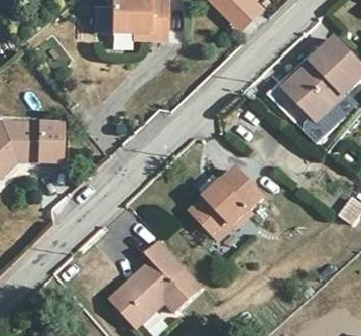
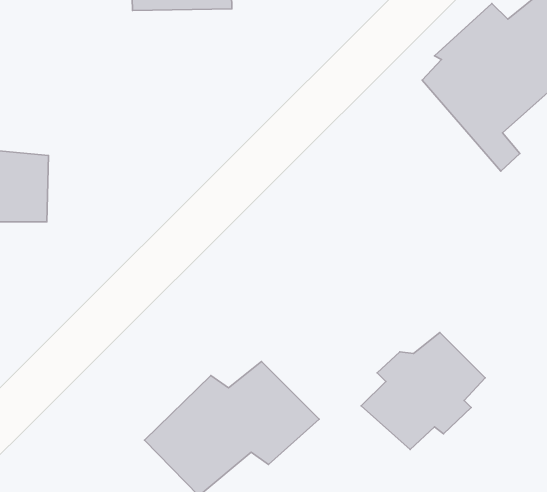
building: [201,164,272,232] -> [361,333,485,450]

